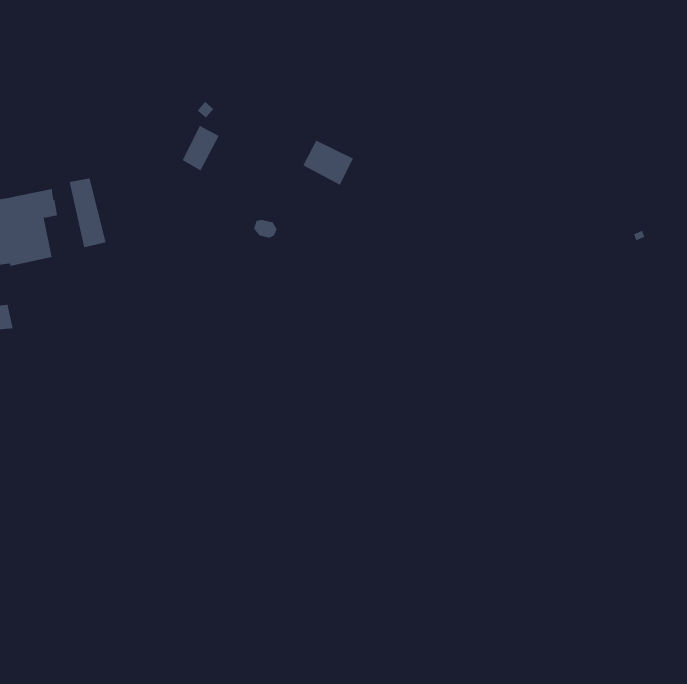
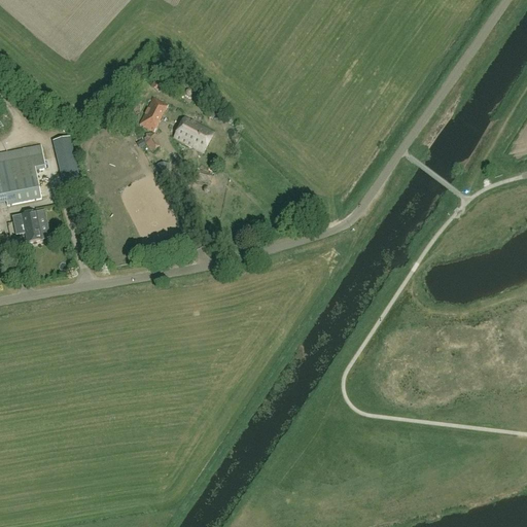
building: [302,140,354,186] -> [174,116,213,151]
building: none -> [11,211,42,242]

